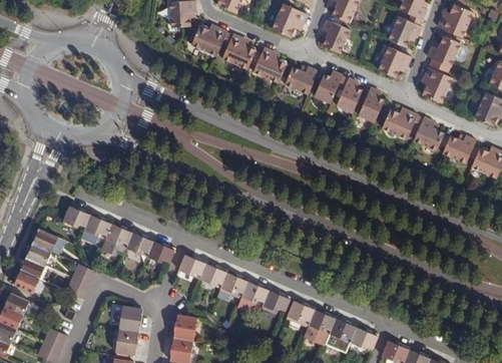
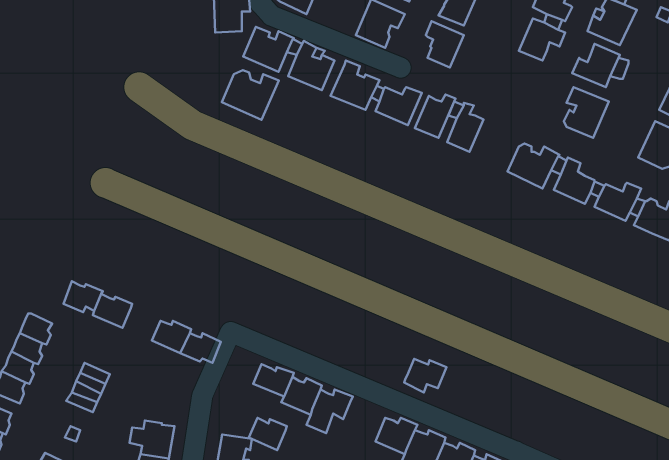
building: [377,47,411,77] -> none
building: none -> [222,70,279,120]
building: [358,87,384,122] -> none
building: [100,225,133,255] -> none
building: [178,256,205,279] -> [249,418,287,450]
building: [261,292,291,316] -> [404,359,446,392]

